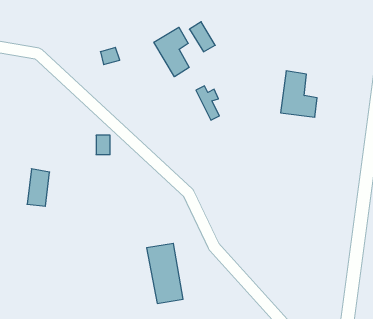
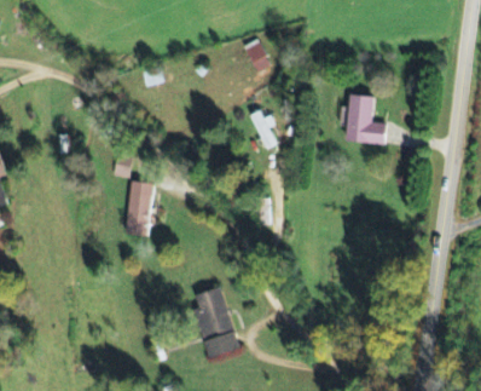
building: [154,27,189,77] -> none
building: [27,169,50,206] -> [126,194,151,236]

